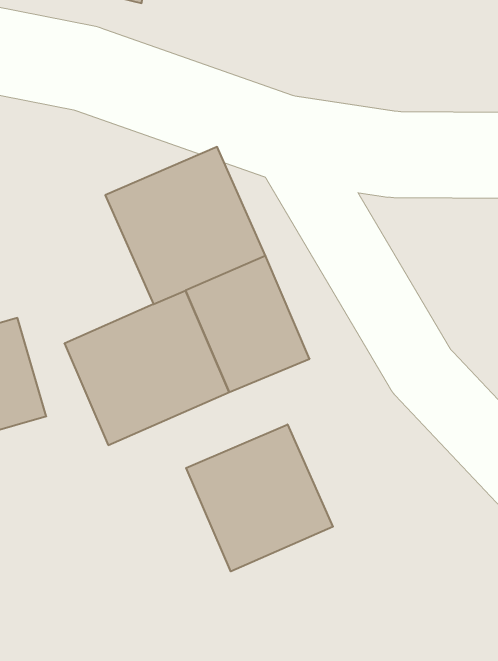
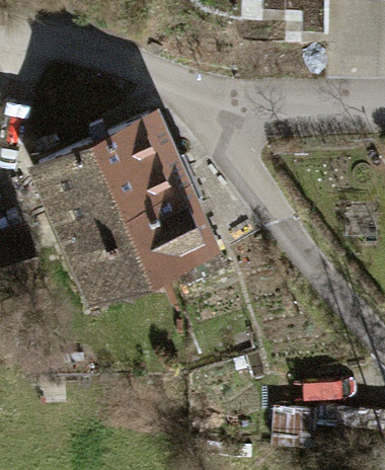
building: none -> [25,143,118,242]
building: [186,424,333,571] -> none

